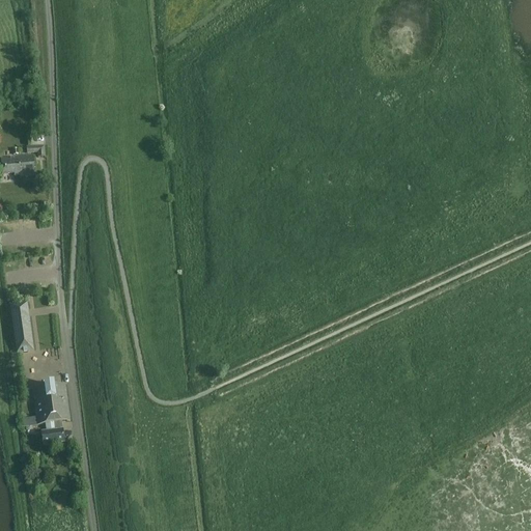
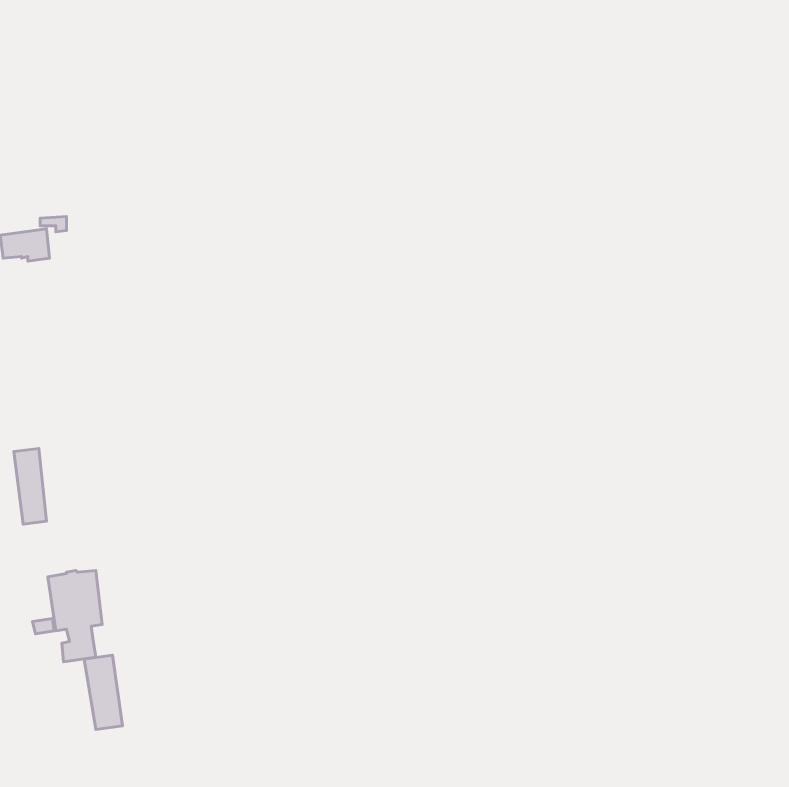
building: none -> [84,655,122,729]

